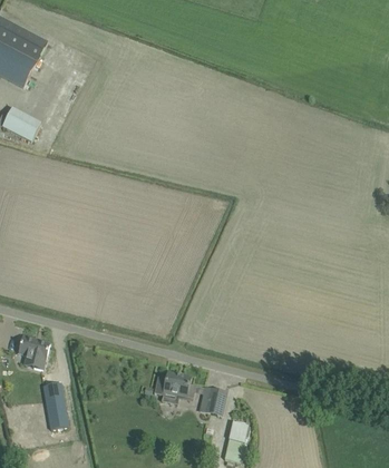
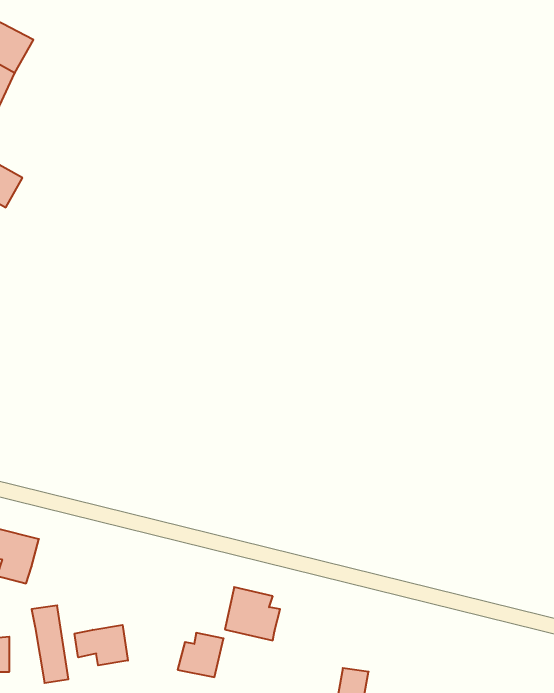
building: [198,388,226,415] -> [178,633,224,677]
building: none -> [75,625,128,665]

